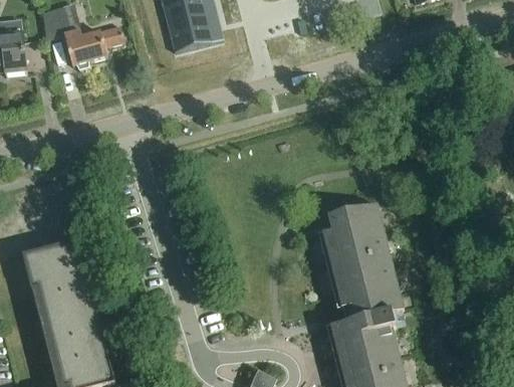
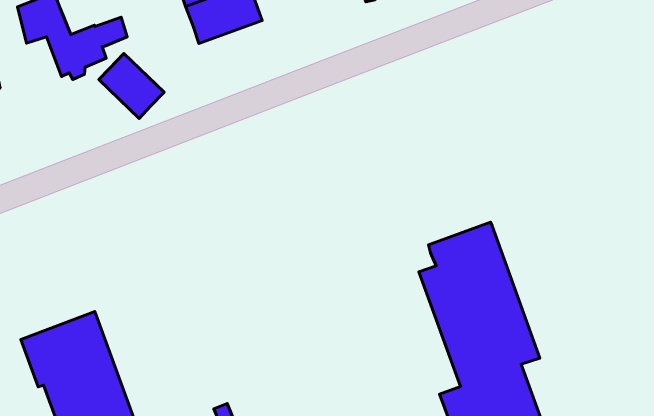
building: none -> [99,53,164,118]

